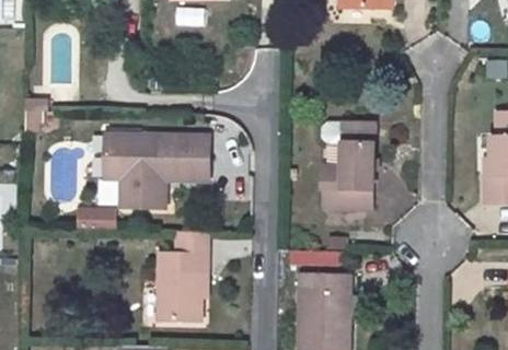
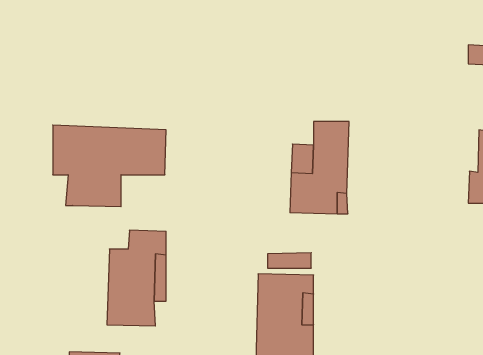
building: [80,207,120,230] -> none

